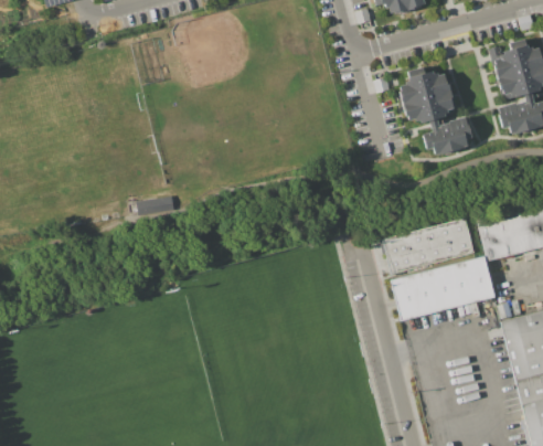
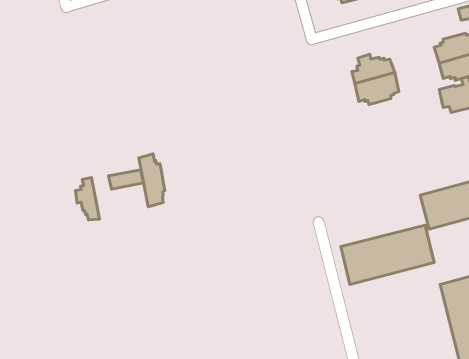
building: [424,116,472,155] -> none
building: none -> [139,154,165,207]
building: none -> [75,178,99,220]
building: [382,217,473,274] -> none

